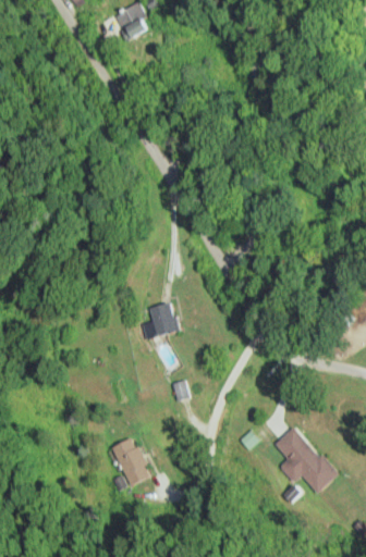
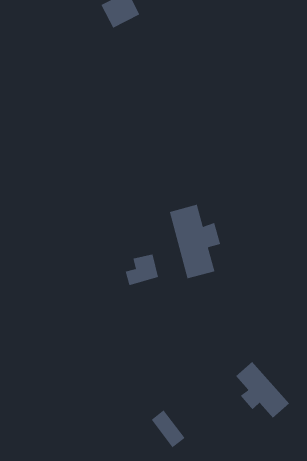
building: none -> [169,204,221,279]
building: [111,437,151,482] -> [151,409,186,448]

